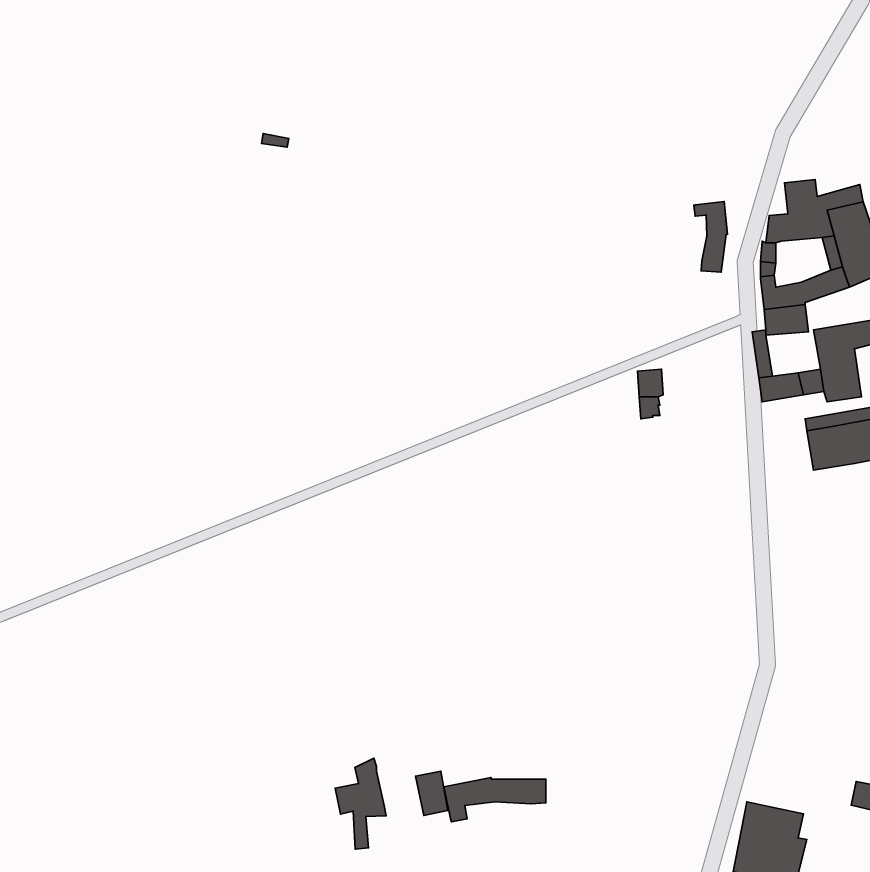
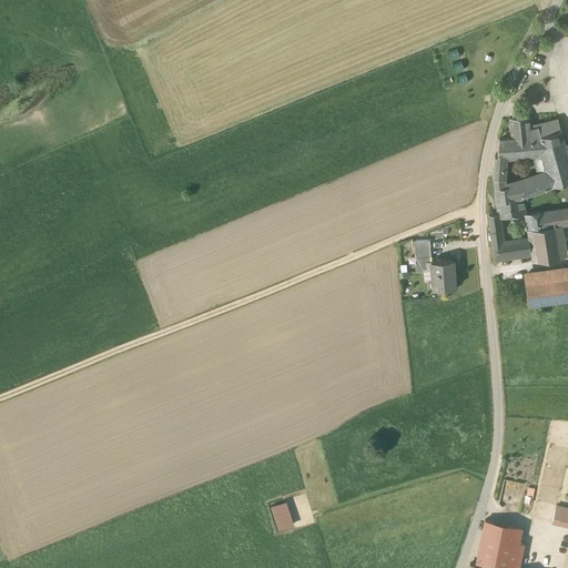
building: [694,201,728,272] -> none
building: none -> [433,261,457,290]
building: [335,758,386,849] -> none
building: [444,777,546,822] -> none

